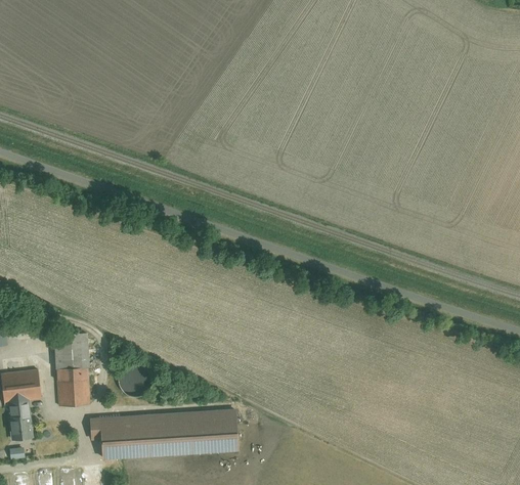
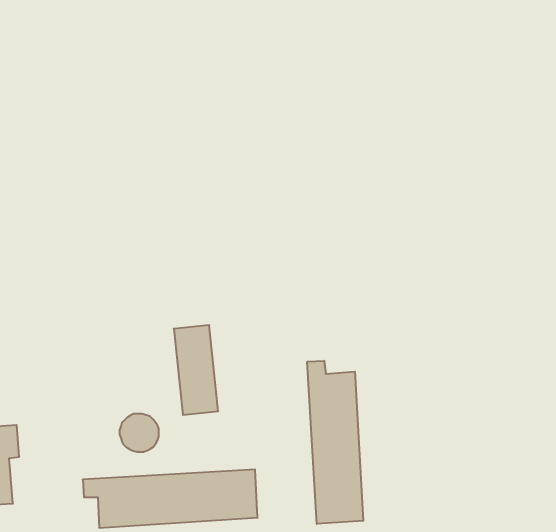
building: none -> [307,361,363,524]
building: [52,333,88,405] -> [174,325,218,415]

